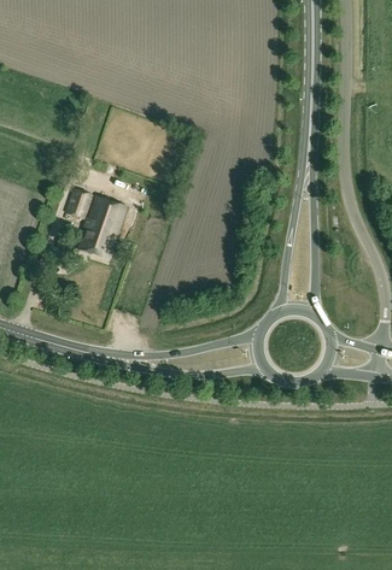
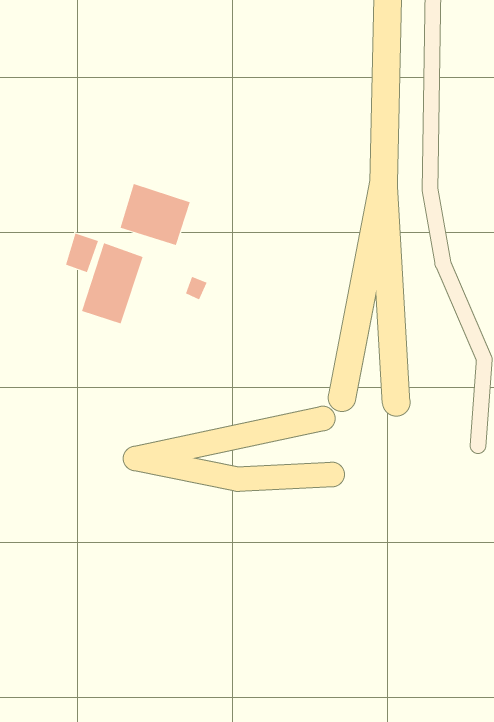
building: none -> [120,183,191,246]

